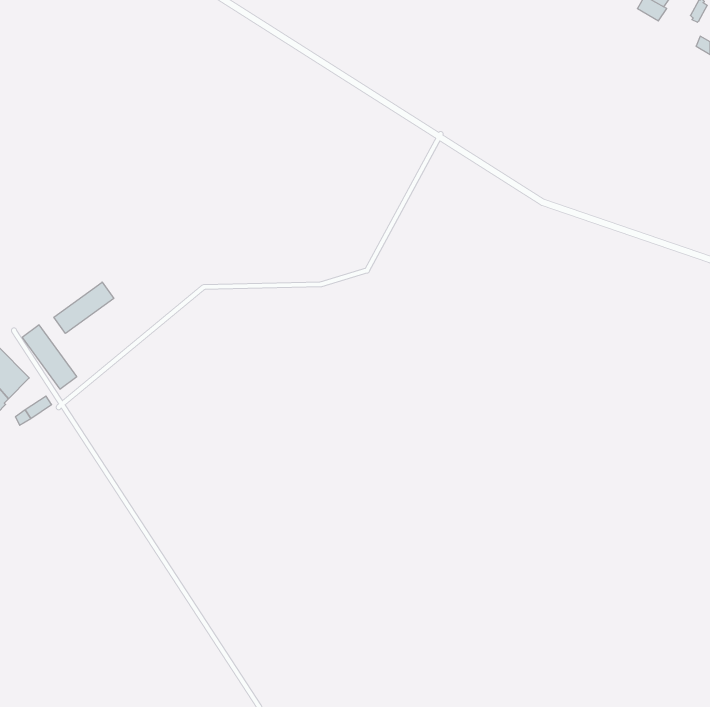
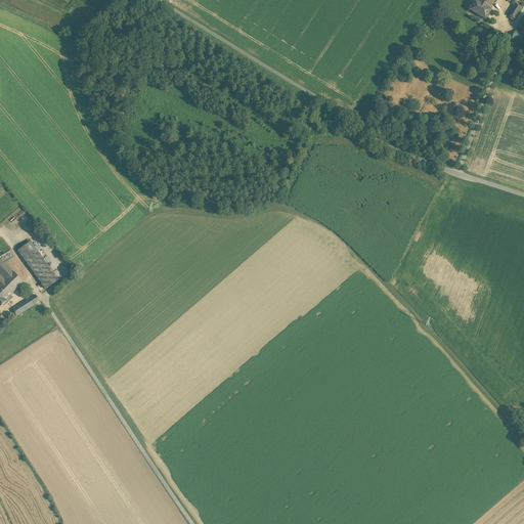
building: [54,282,114,333] -> none

